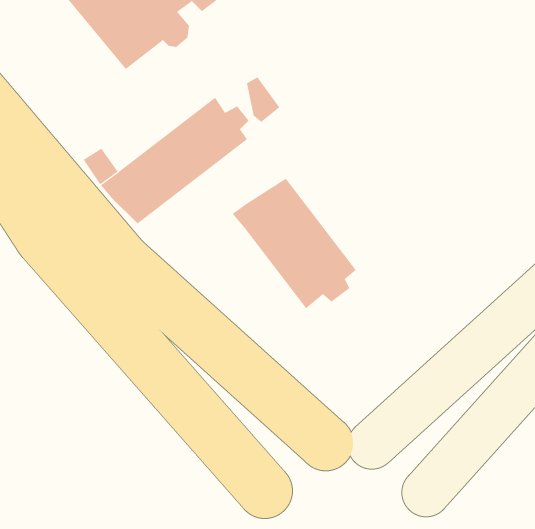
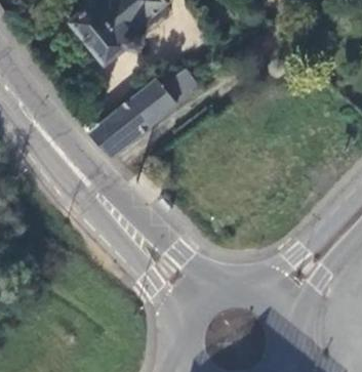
building: [232,178,357,309] -> none

